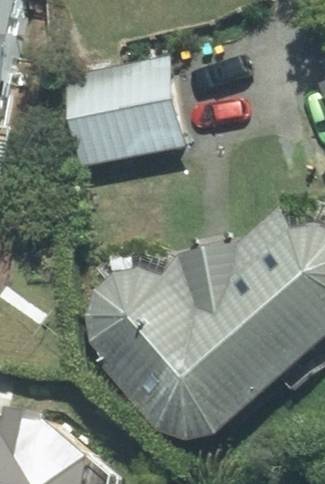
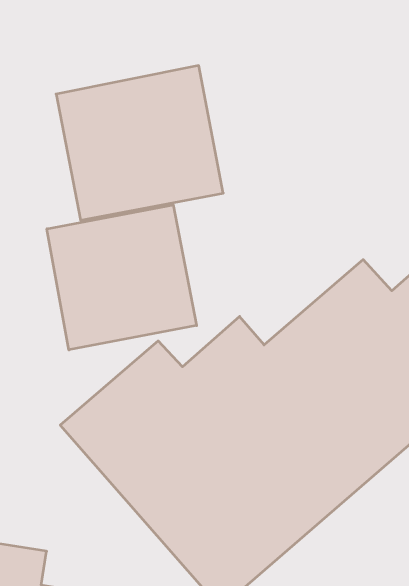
building: none -> [47,205,197,350]

